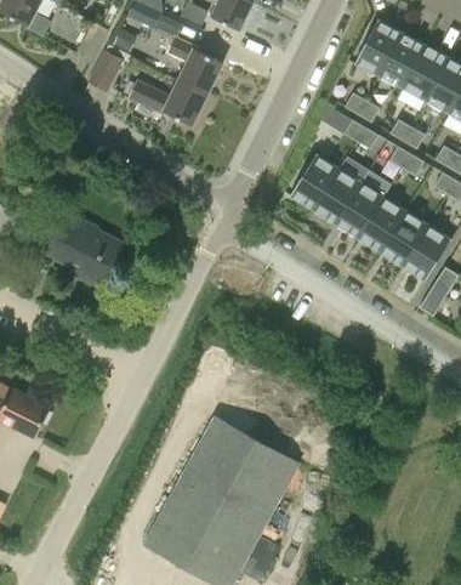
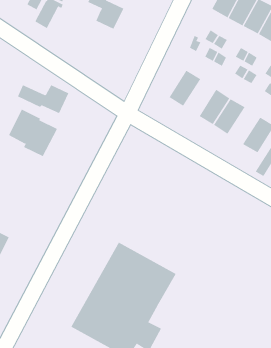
building: [127,79,206,124] -> [17,84,69,114]
building: [312,167,360,223] -> none
building: [379,210,427,266] -> none

